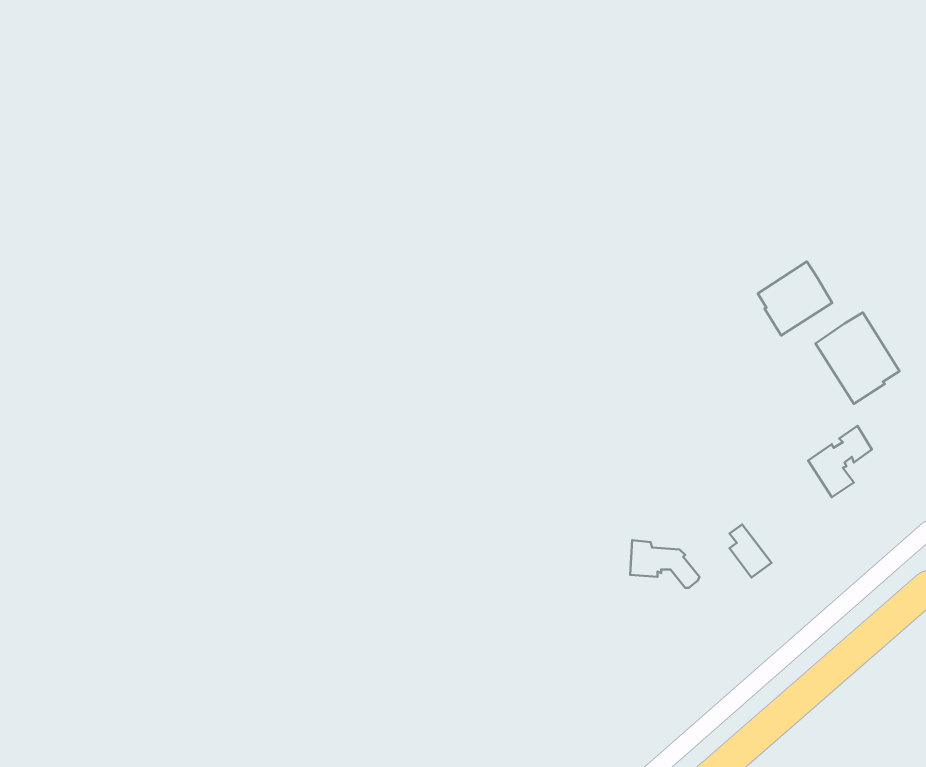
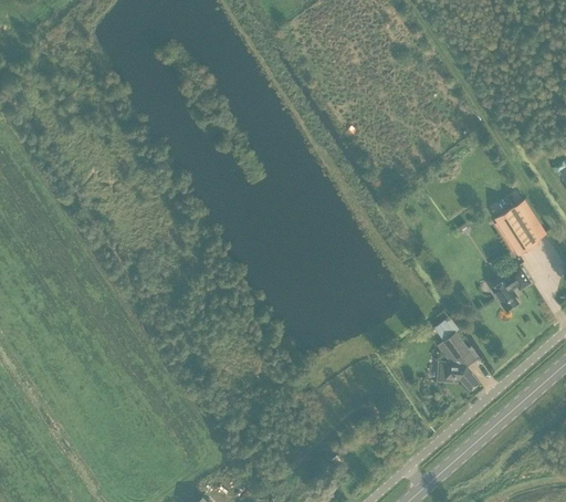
building: [758,262,832,335] -> none
building: [630,540,700,588] -> [436,360,478,389]

